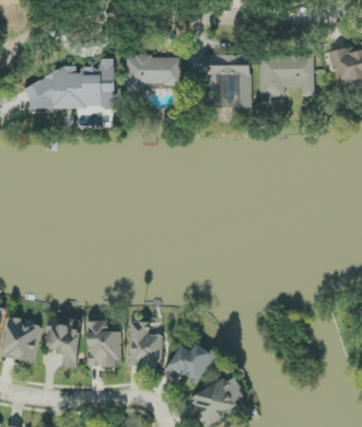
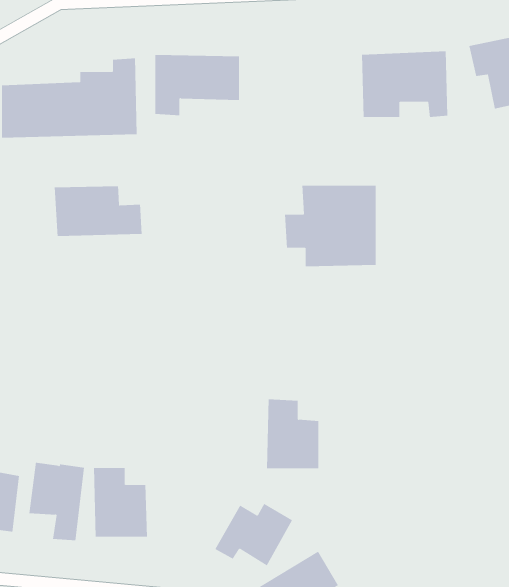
building: [191,55,250,107] -> [284,185,376,267]
building: none -> [54,185,142,237]
building: [128,321,162,366] -> [266,399,319,469]

